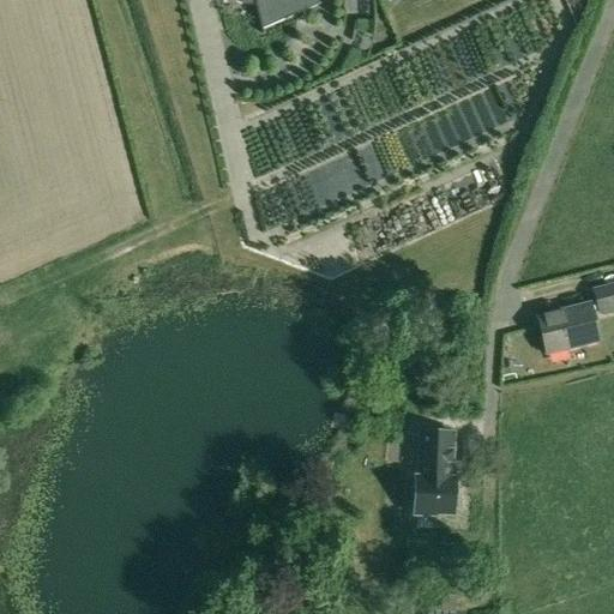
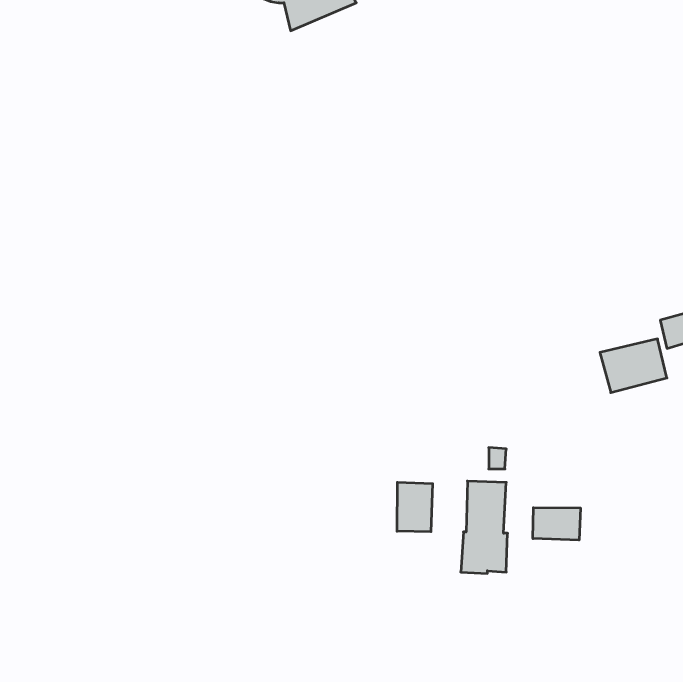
building: none -> [397,482,433,532]
building: none -> [533,508,580,540]

